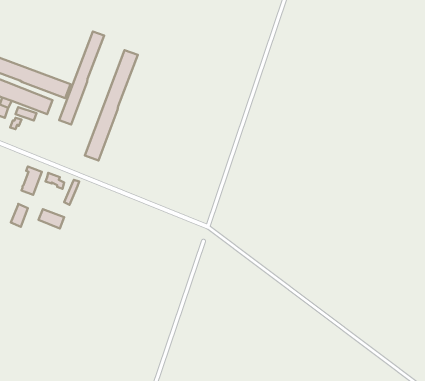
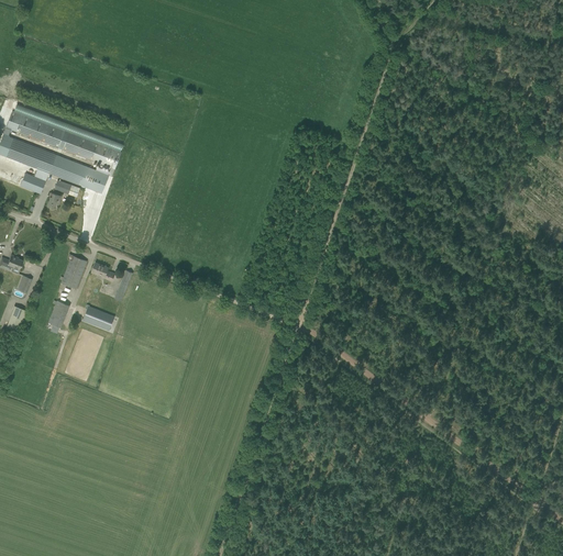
building: [59,32,104,125] -> none
building: [85,50,138,161] -> none

